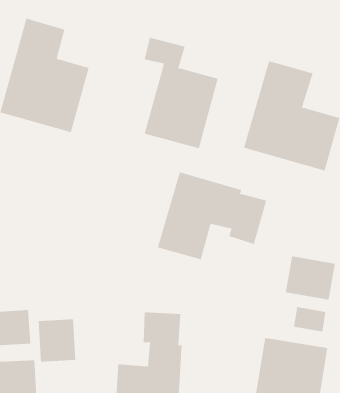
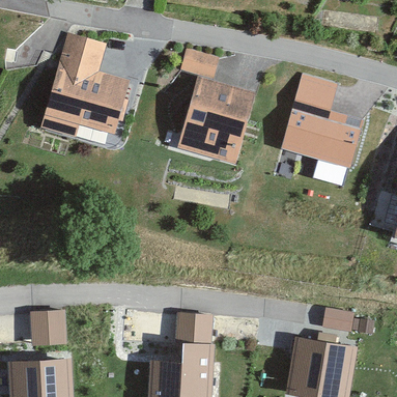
building: [157,172,267,260] -> none
building: [285,255,336,301] -> none
building: [38,318,76,363] -> none

